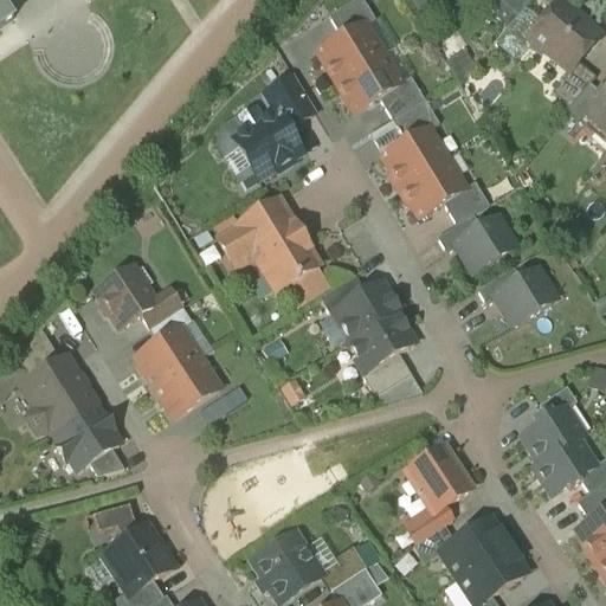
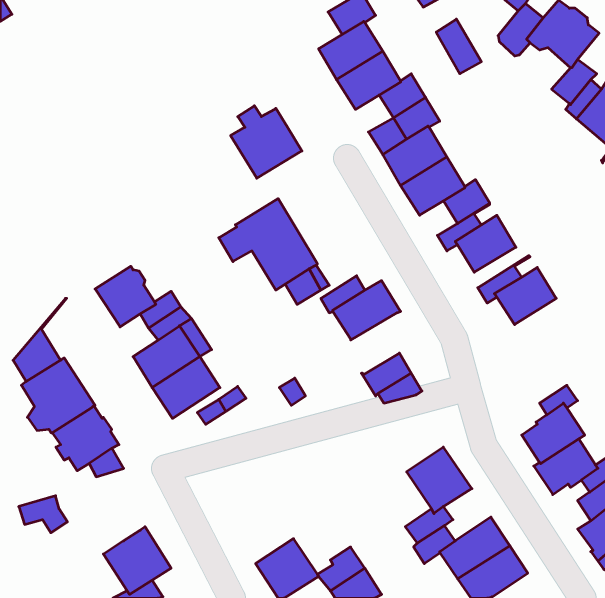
building: [265,73,317,127] -> none
building: [348,311,415,373] -> none
building: [94,502,142,539] -> [19,496,67,533]

